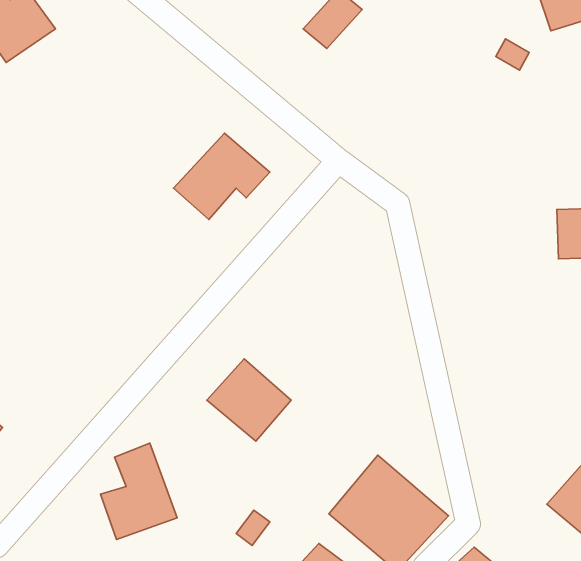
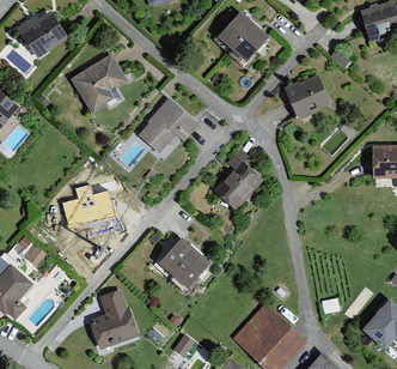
building: none -> [230,25,265,62]
building: none -> [69,54,124,114]
building: none -> [286,77,330,120]
building: none -> [213,162,259,208]
building: none -> [61,183,115,223]

